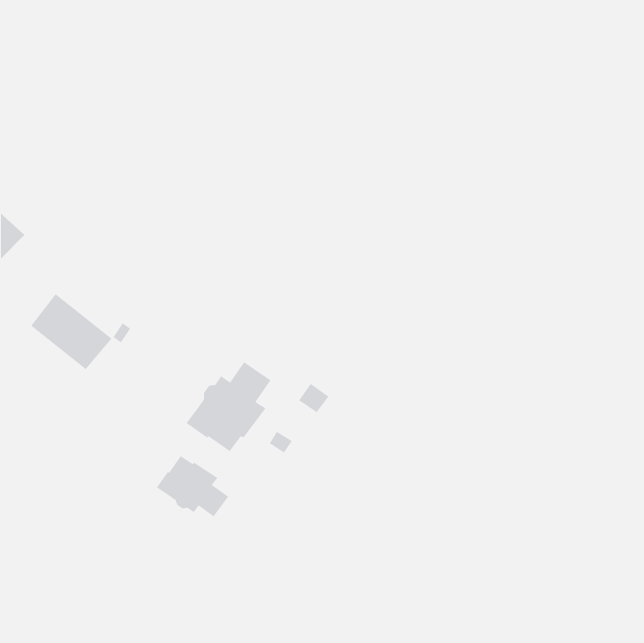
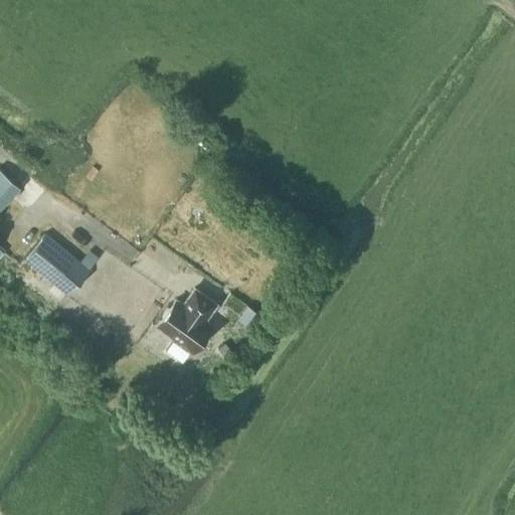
building: [156,455,229,518] -> none

